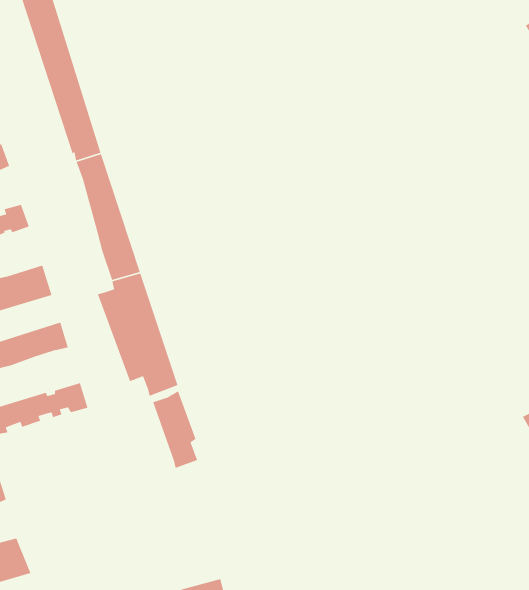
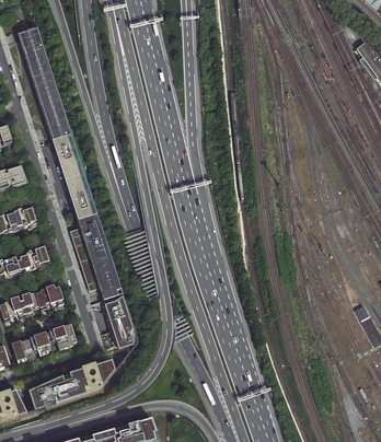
building: none -> [11,323,77,361]
building: none -> [26,359,114,410]

